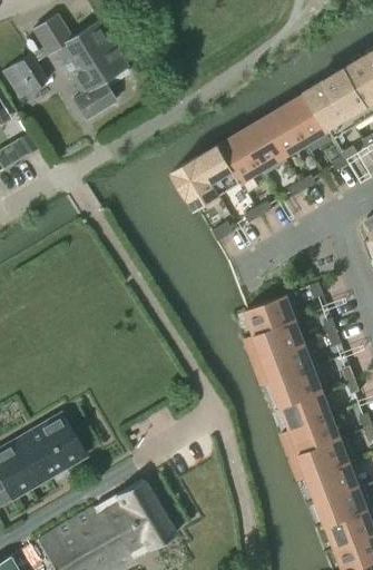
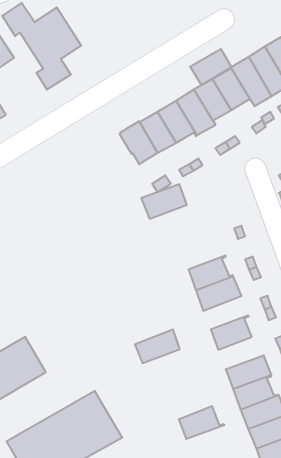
building: none -> [190,49,231,85]
building: [244,293,298,334] -> [141,184,187,219]
building: [272,365,325,405] -> [135,329,180,363]
building: [289,414,344,453] -> [179,406,224,439]

